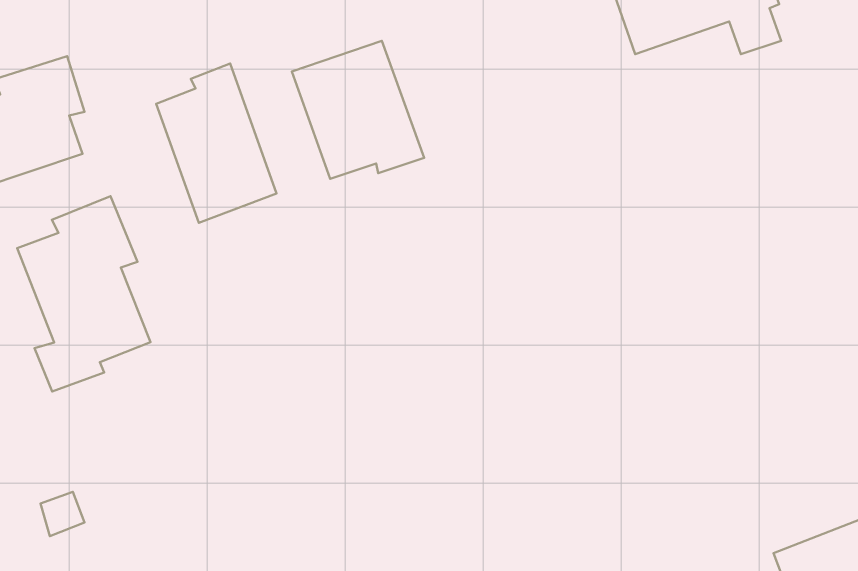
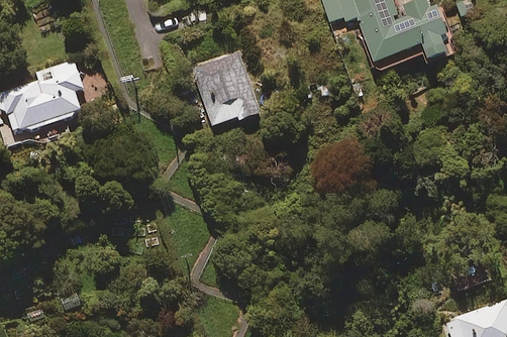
building: [156,64,276,223] -> none
building: [17,196,151,391] -> none

